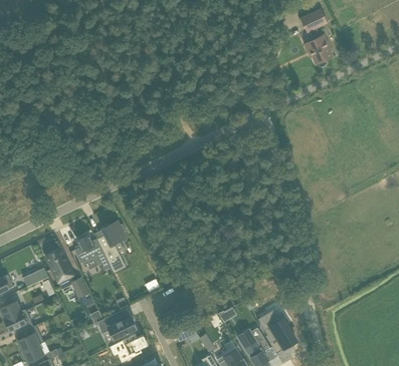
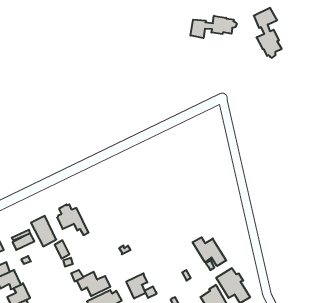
building: none -> [190,16,237,38]
building: [96,224,126,273] -> none
building: none -> [193,237,226,266]
building: none -> [126,273,147,299]

